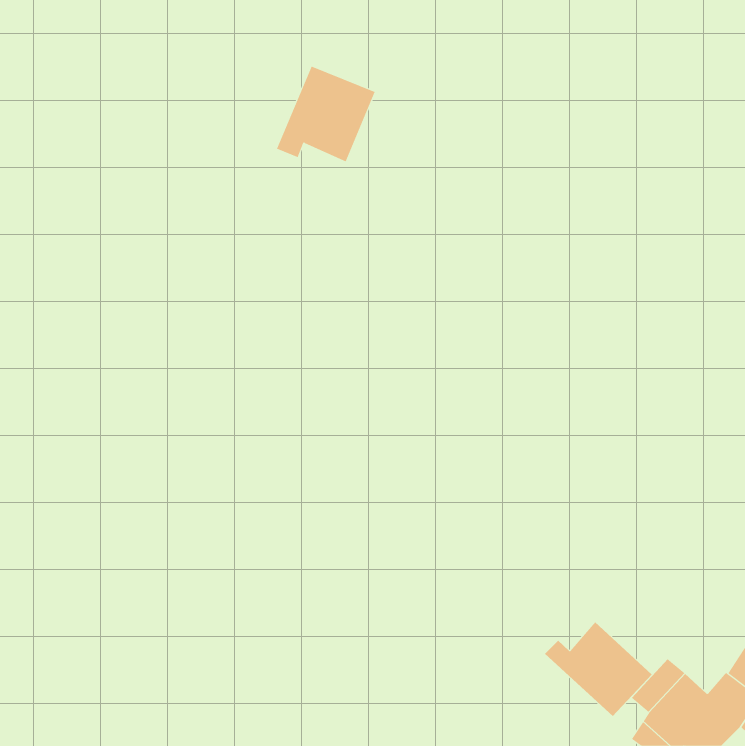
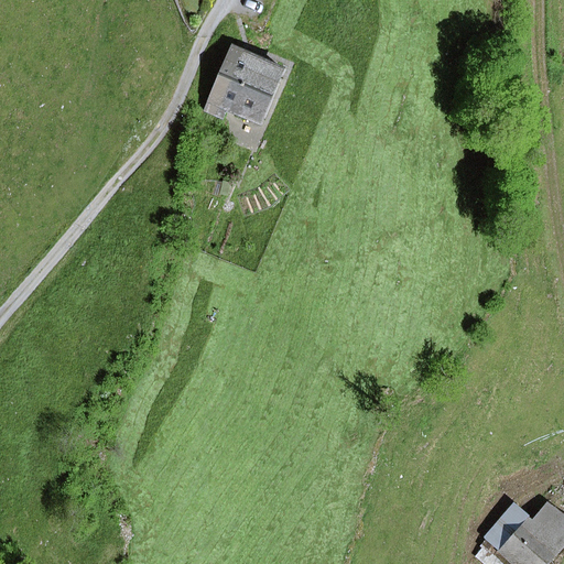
building: [544,621,653,717] -> none

